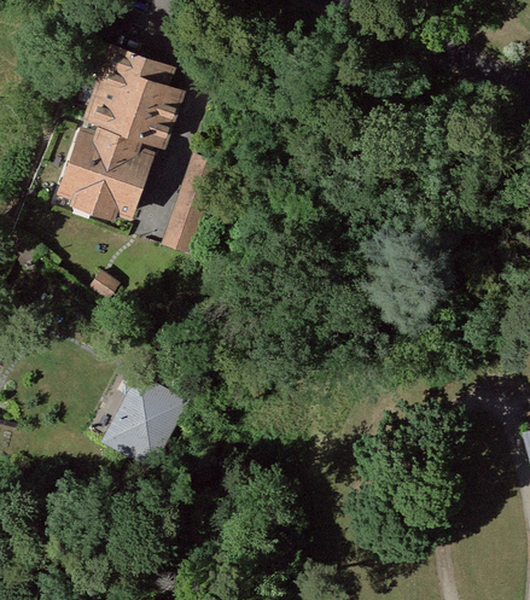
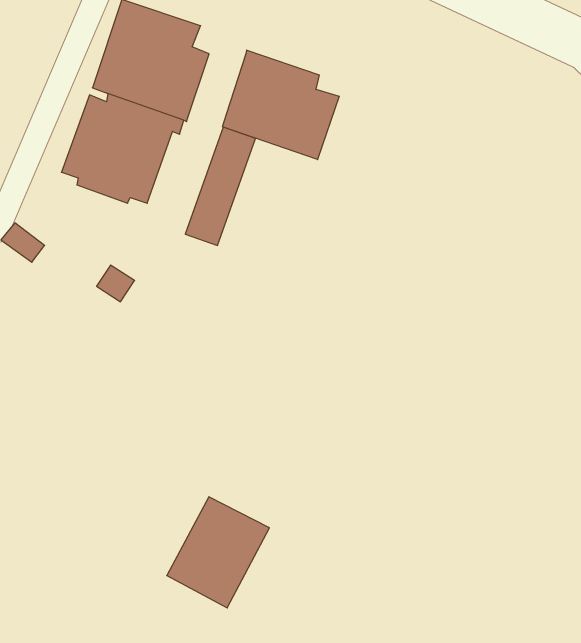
building: none -> [223,50,339,160]
building: [100,374,188,470] -> [167,497,269,608]

